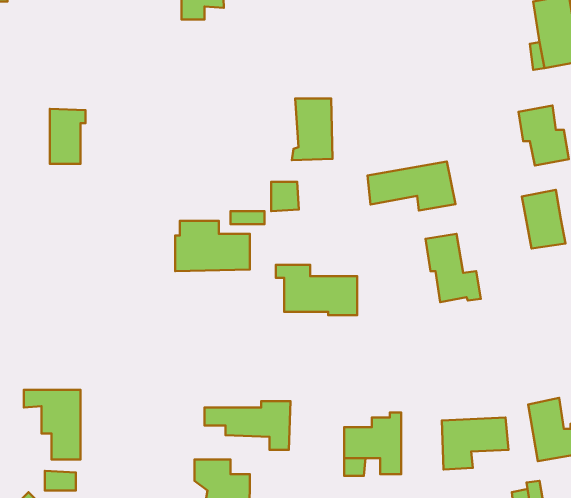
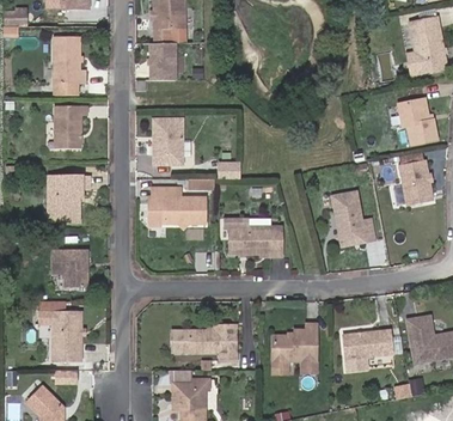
building: none -> [54,35,84,81]
building: none -> [151,43,175,80]
building: [292,99,333,160] -> [153,120,183,165]
building: [367,162,455,210] -> none
building: none -> [48,177,87,220]
building: none -> [49,251,84,286]

